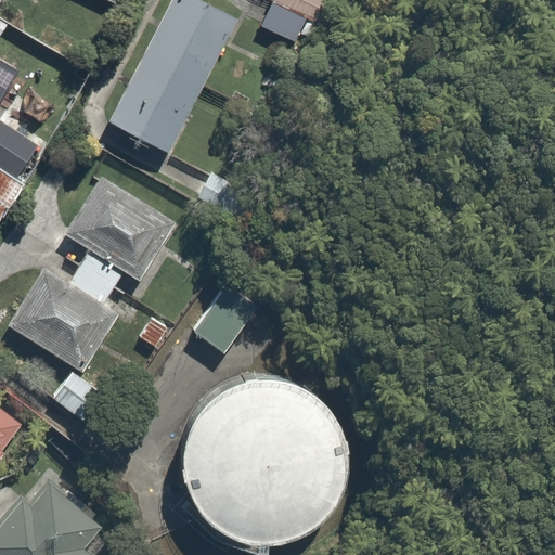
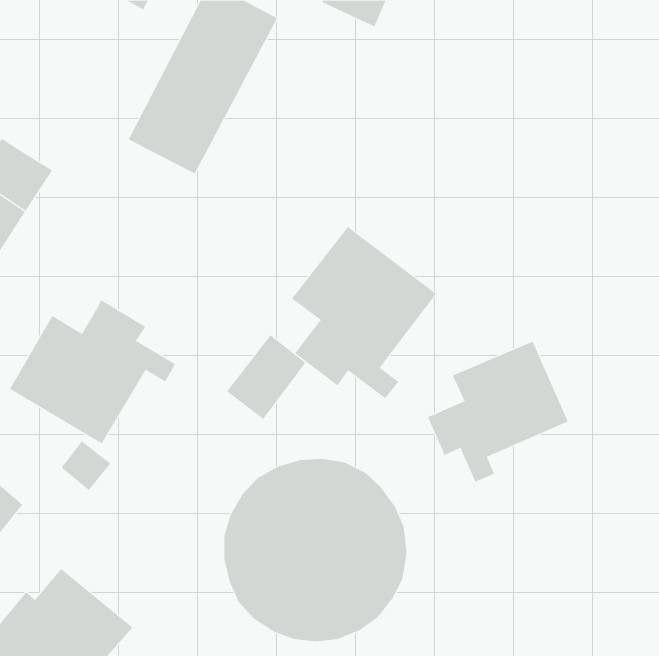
building: [63,178,181,289] -> none
building: none -> [291,226,437,399]
building: none -> [427,341,568,482]

